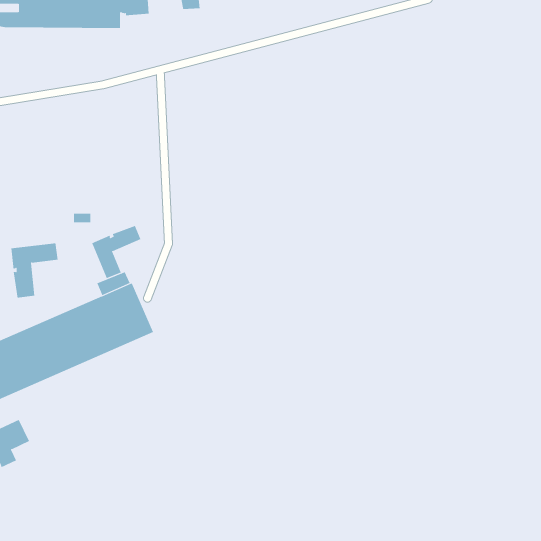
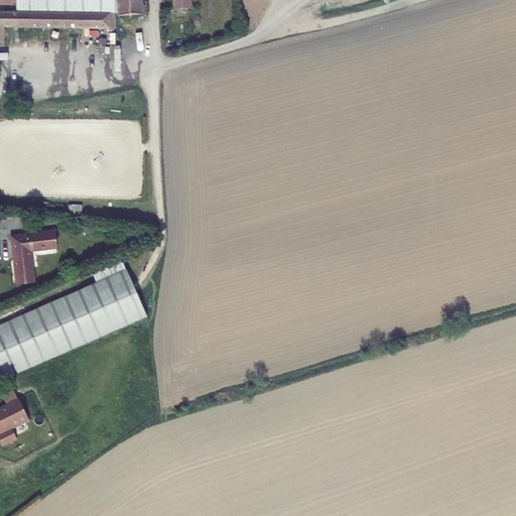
building: [92,225,141,279] -> none

